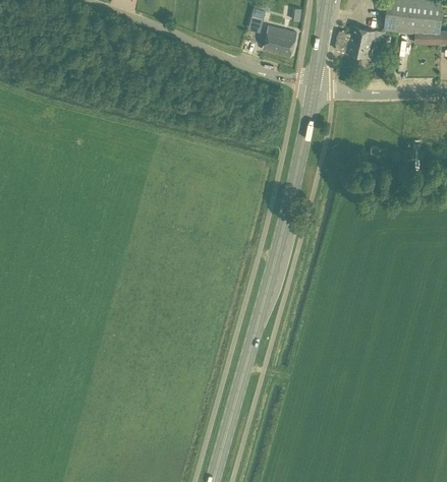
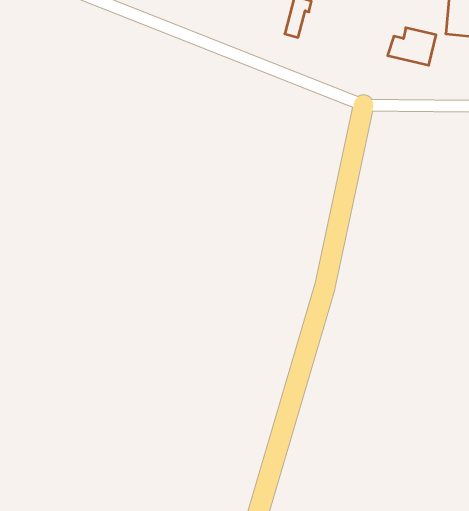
building: [263,26,296,58] -> none

